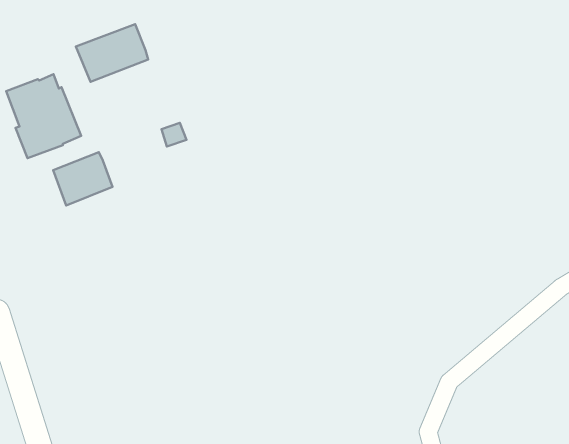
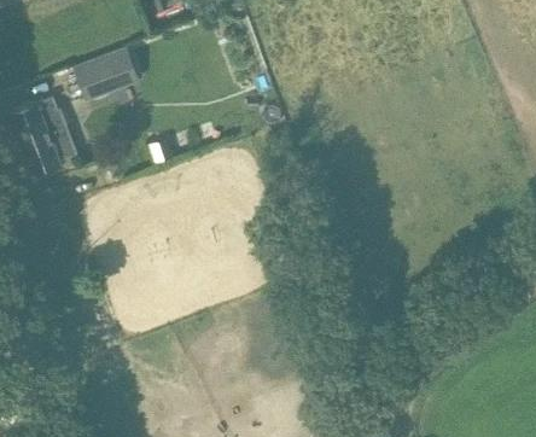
building: [53,152,113,205] -> none

